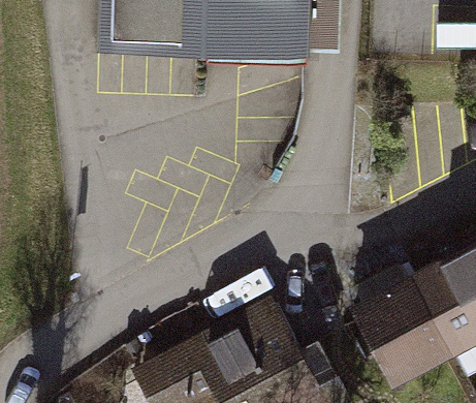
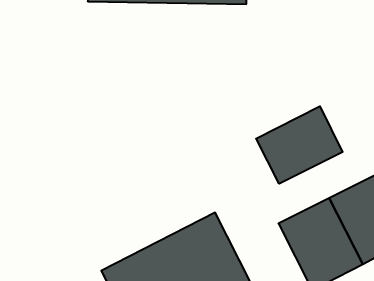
building: none -> [256,106,343,184]

